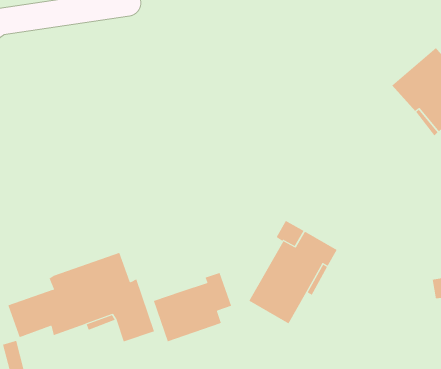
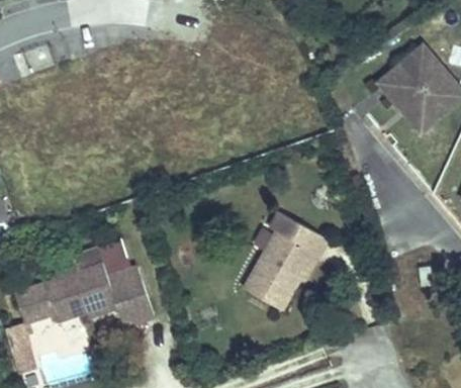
building: [153,272,232,342] -> none

